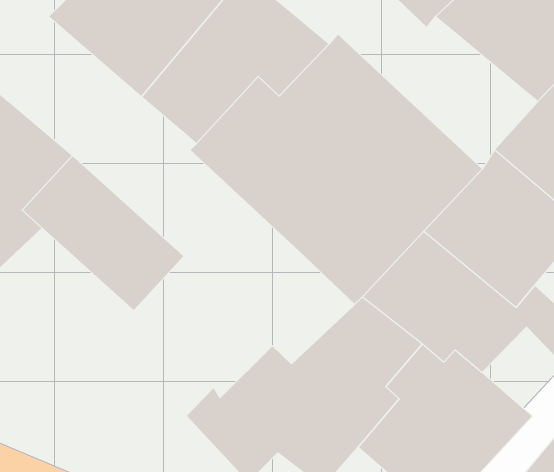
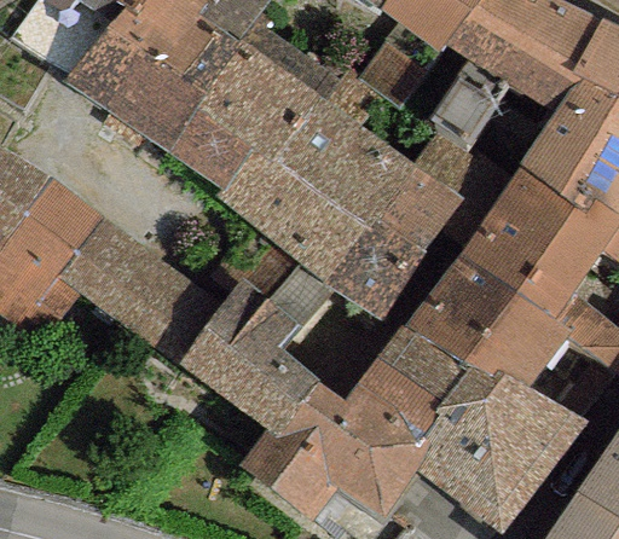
building: none -> [180,242,336,440]

